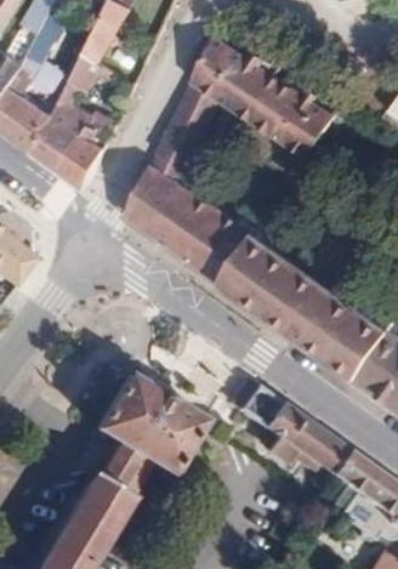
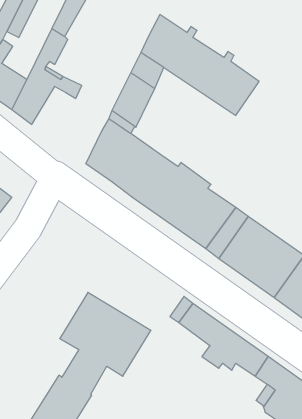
building: [59,124,107,189] -> none

